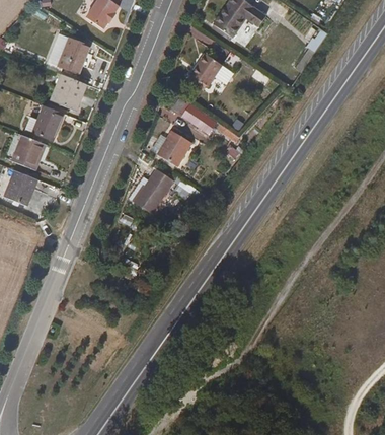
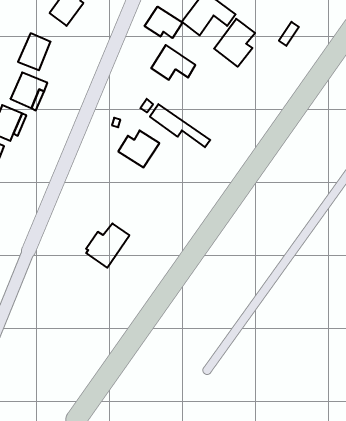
building: none -> [145,7,183,38]
building: none -> [214,19,255,67]
building: [134,171,175,214] -> [86,223,129,268]

